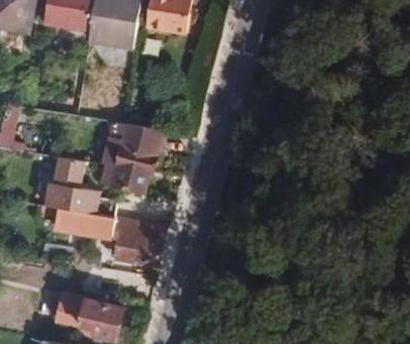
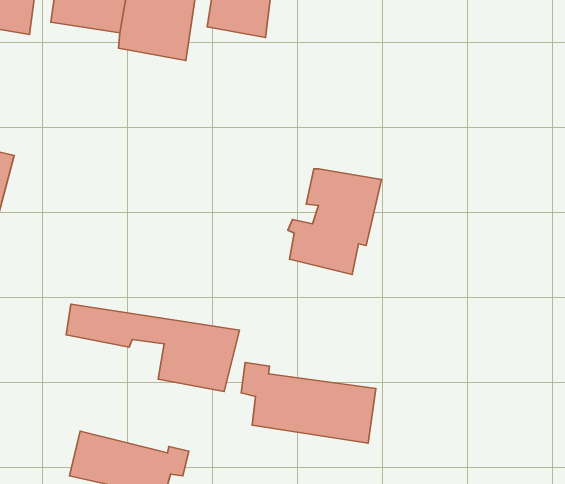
building: [100,123,162,193] -> [288,169,381,275]
building: [44,157,117,218] -> none
building: none -> [241,363,376,443]

